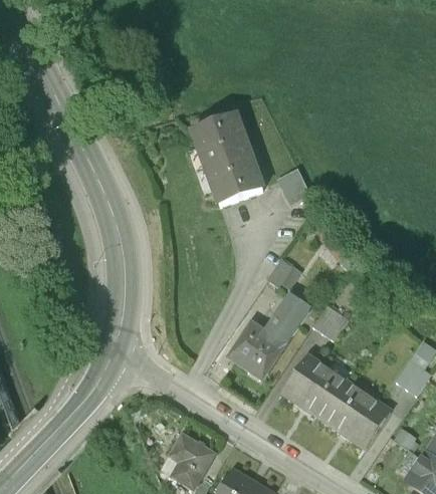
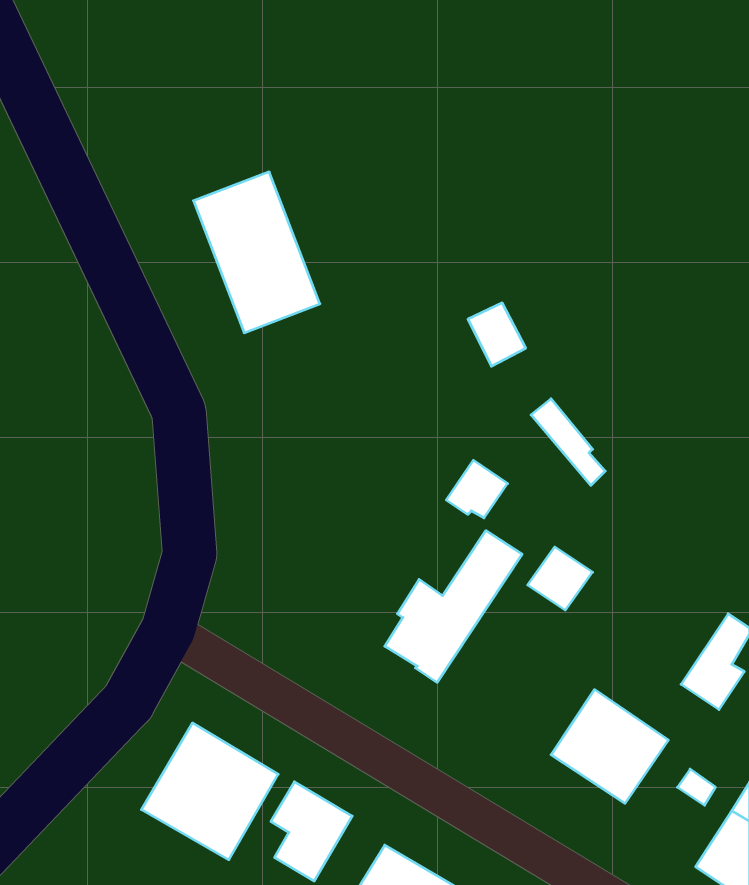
building: [192,114,262,204] -> [193,172,320,333]
building: [283,356,349,420] -> none
building: none -> [141,723,278,860]

